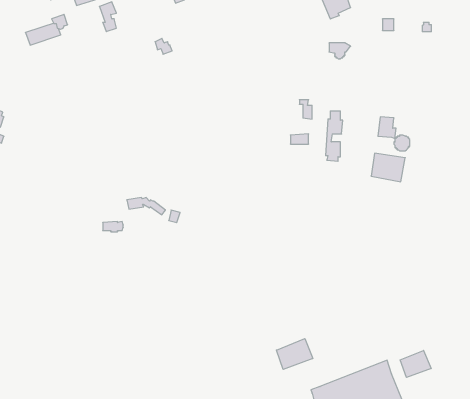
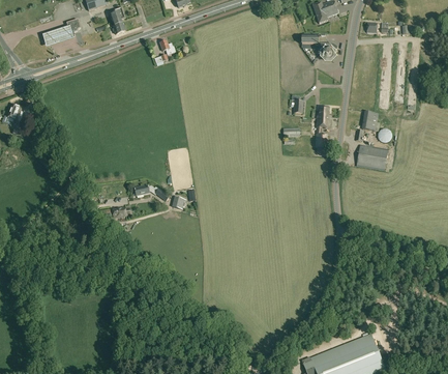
building: [276,339,313,369] -> none
building: [400,350,431,377] -> none

